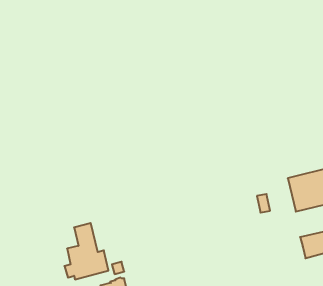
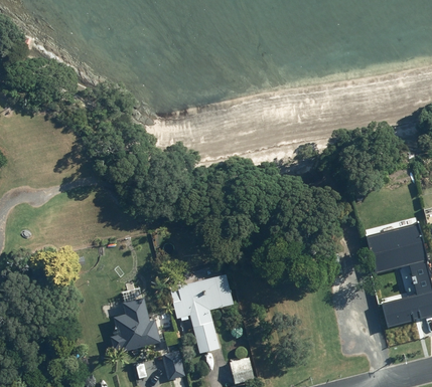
building: none -> [170,274,230,352]

